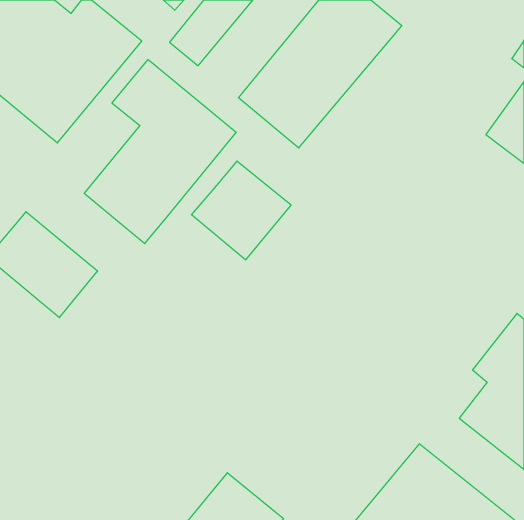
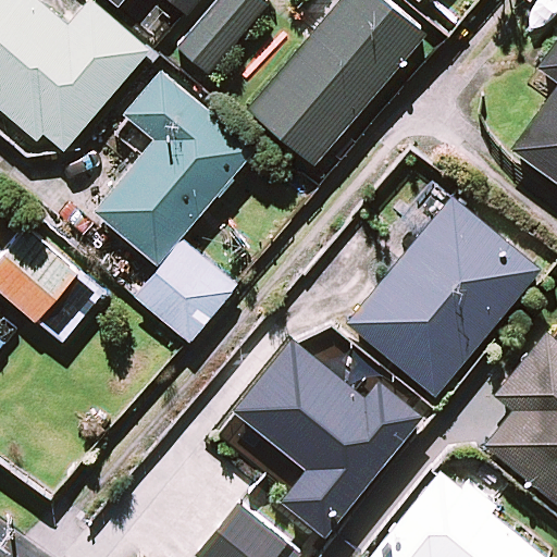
building: [191,161,291,260] -> [127,237,233,342]
building: none -> [349,183,543,396]
building: none -> [238,339,424,532]

